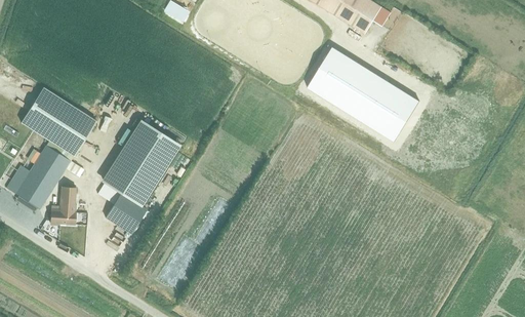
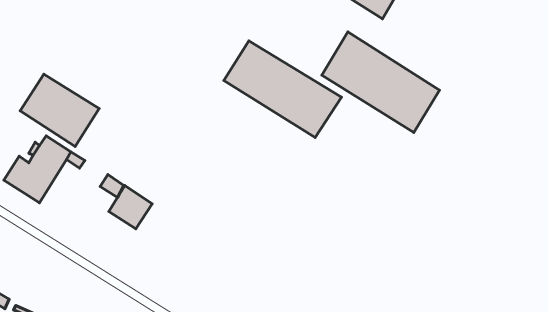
building: none -> [224,41,341,138]
building: [104,120,180,203] -> none
building: [50,187,76,225] -> none

